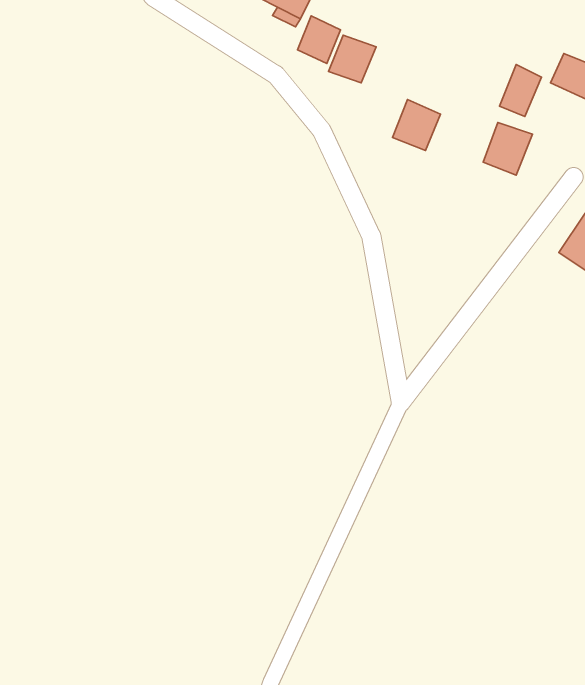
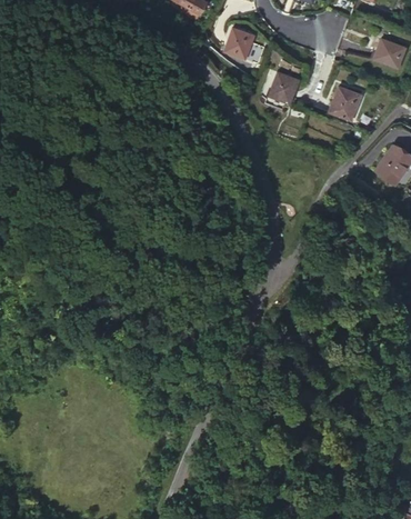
building: [297,16,341,64] -> none
building: [499,65,541,116] -> none

